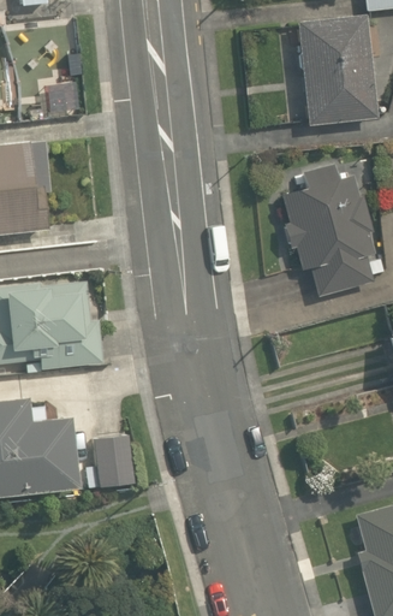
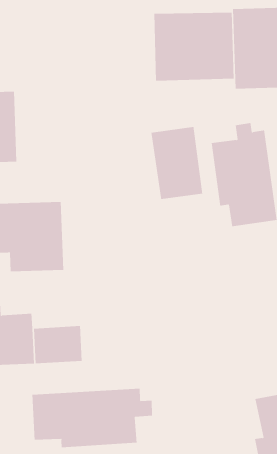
building: none -> [154,12,234,82]
building: none -> [151,126,203,200]
building: none -> [32,388,152,448]

